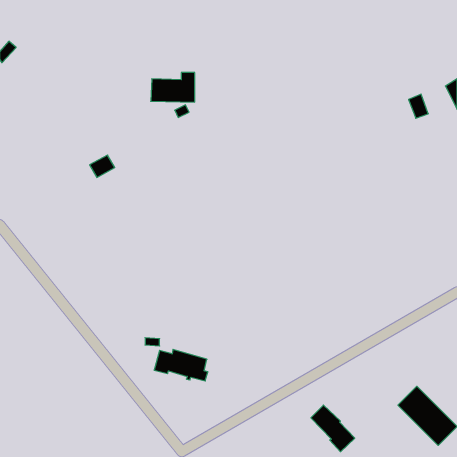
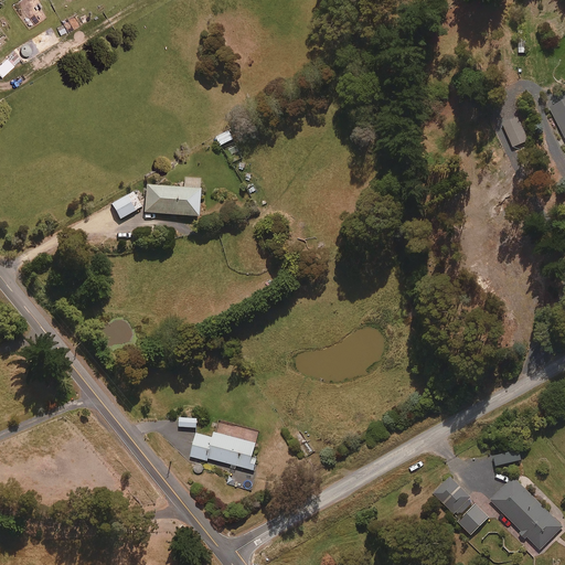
building: [151,73,195,102] -> [145,179,199,215]
building: [311,405,355,452] -> [434,477,488,534]

